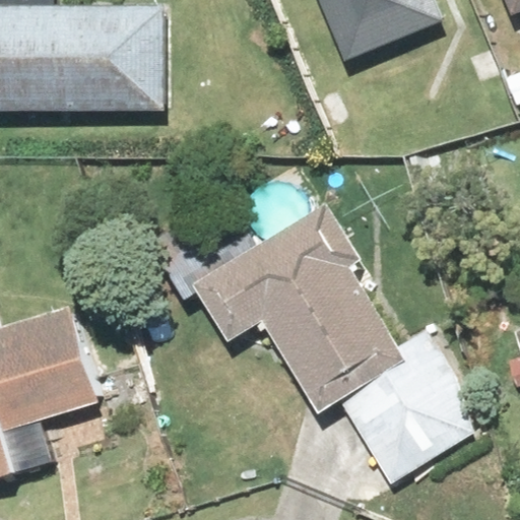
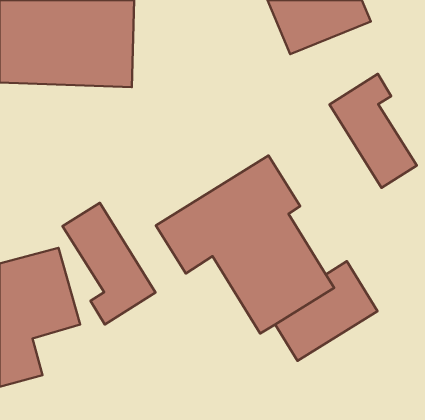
building: none -> [330,74,417,188]
building: none -> [63,203,156,324]

